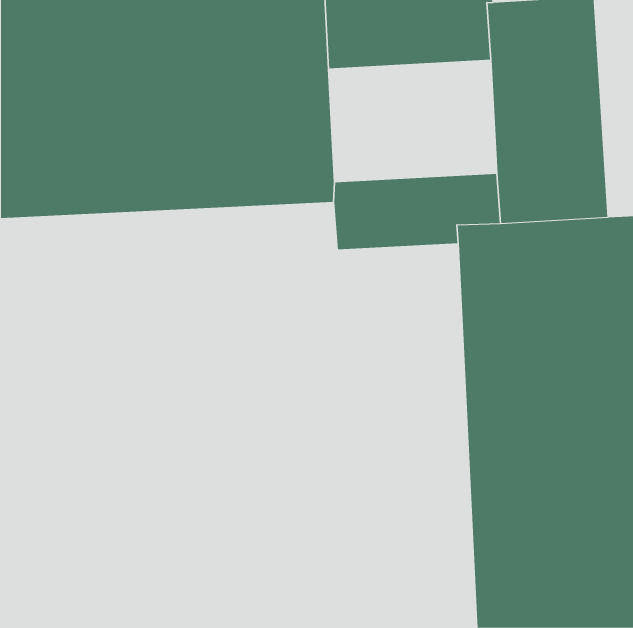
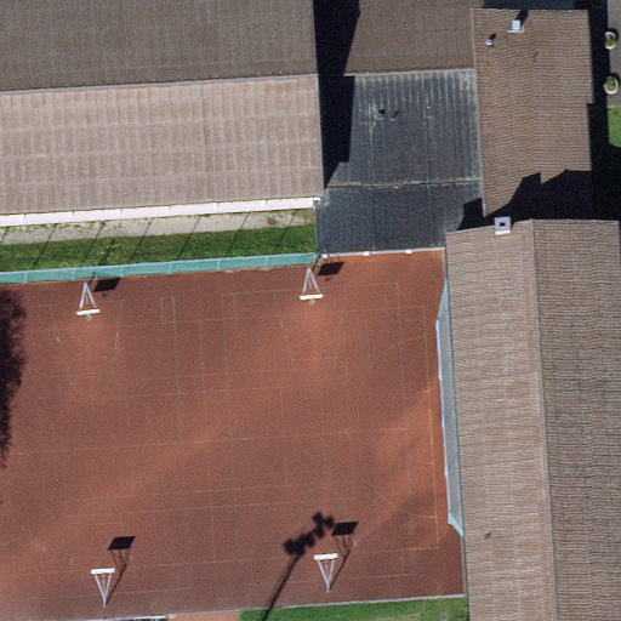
building: none -> [324,58,488,177]

